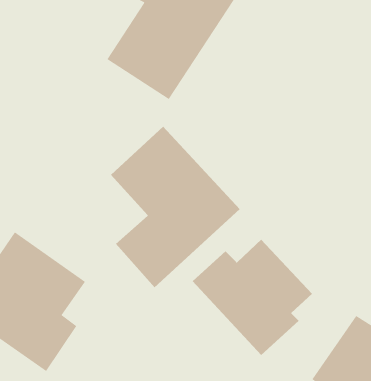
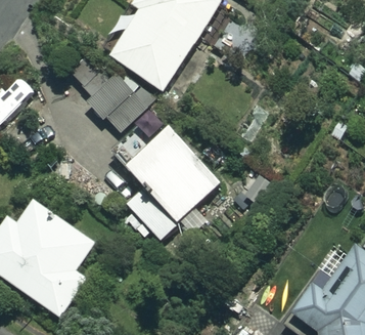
building: none -> [88,73,147,132]
building: [192,239,313,356] -> none

